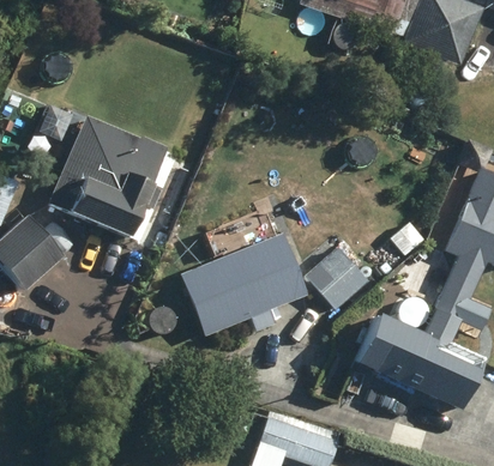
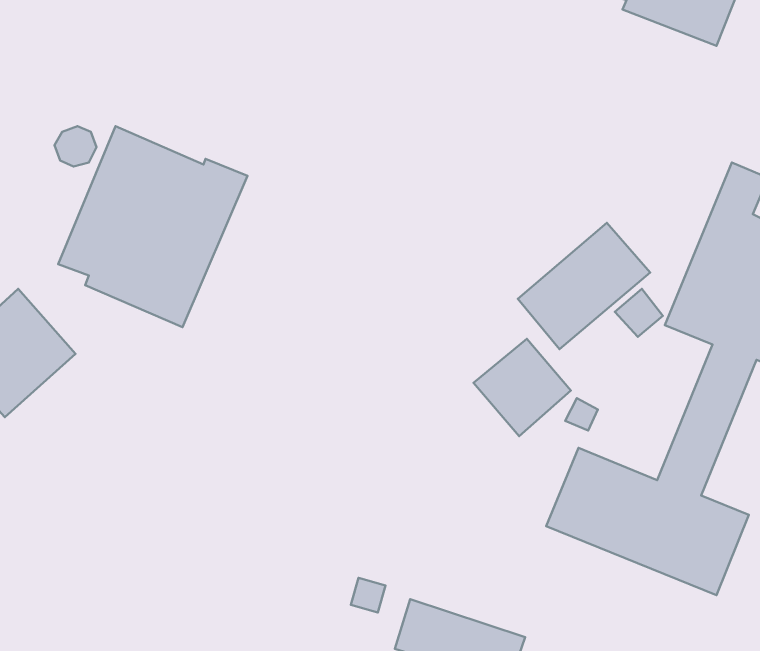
building: none -> [518,223,650,349]
building: [177,231,307,338] -> none

